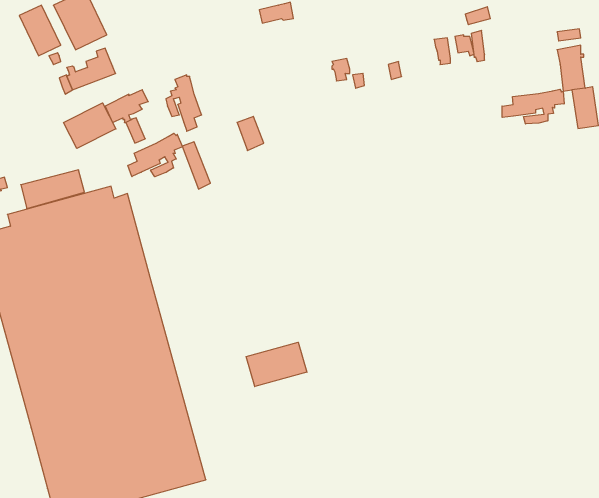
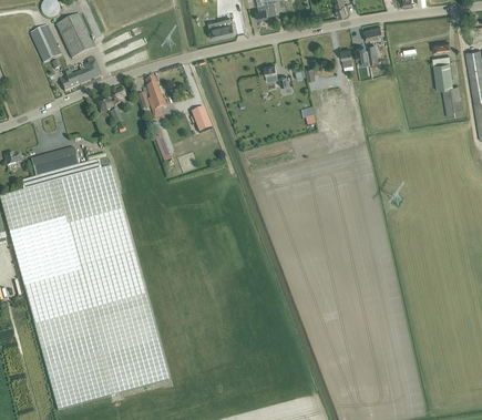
building: [502,89,564,124] -> none
building: [64,103,116,148] -> none
building: [128,133,182,177] -> none
building: [246,342,307,387] -> none

